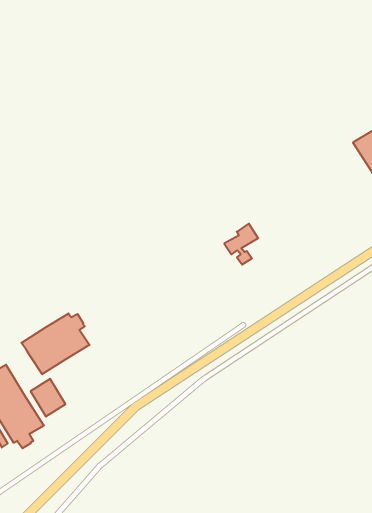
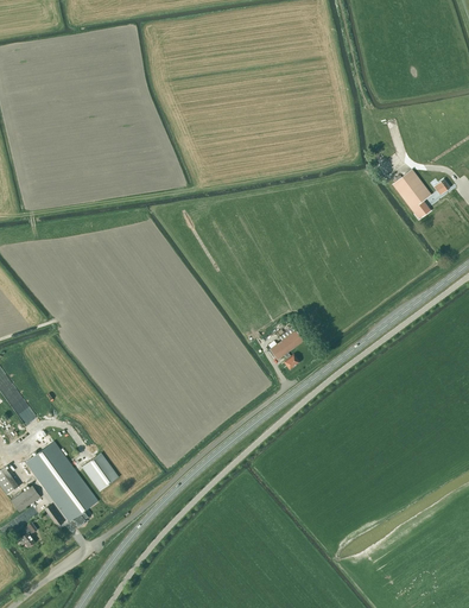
building: [224,224,258,265] -> [270,327,304,369]
building: [21,313,90,374] -> none

